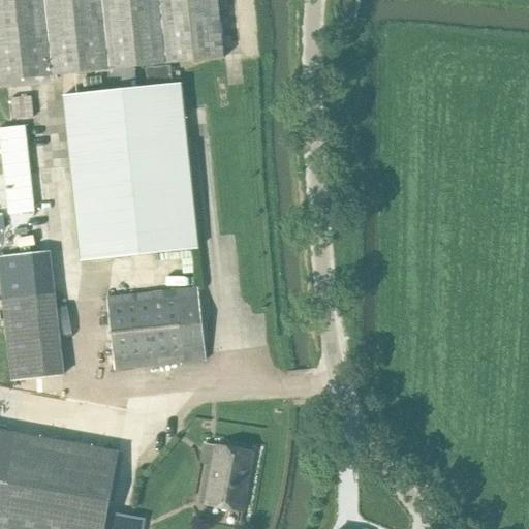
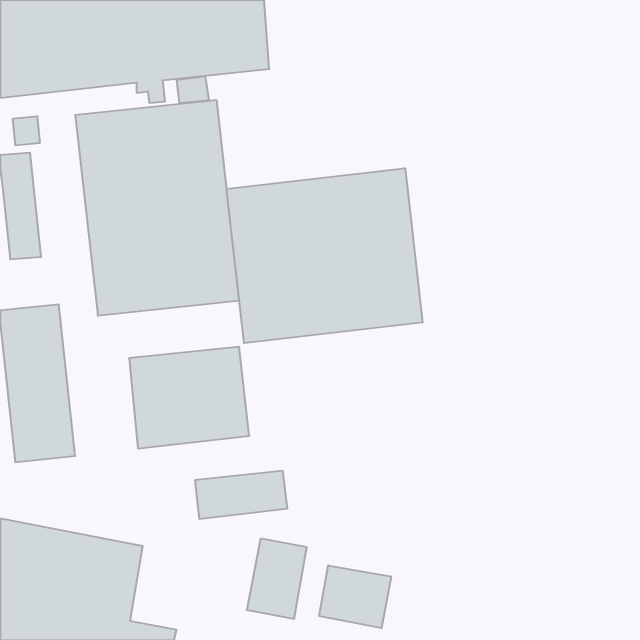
building: none -> [227,168,422,343]
building: none -> [195,471,287,519]
building: none -> [319,565,391,628]

